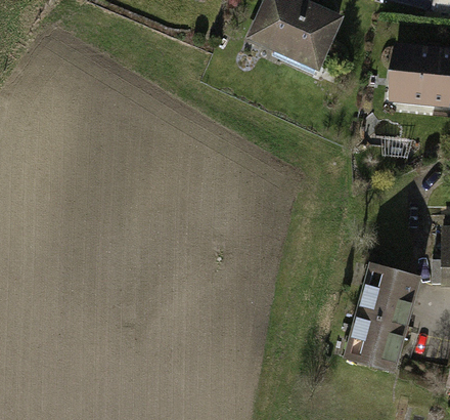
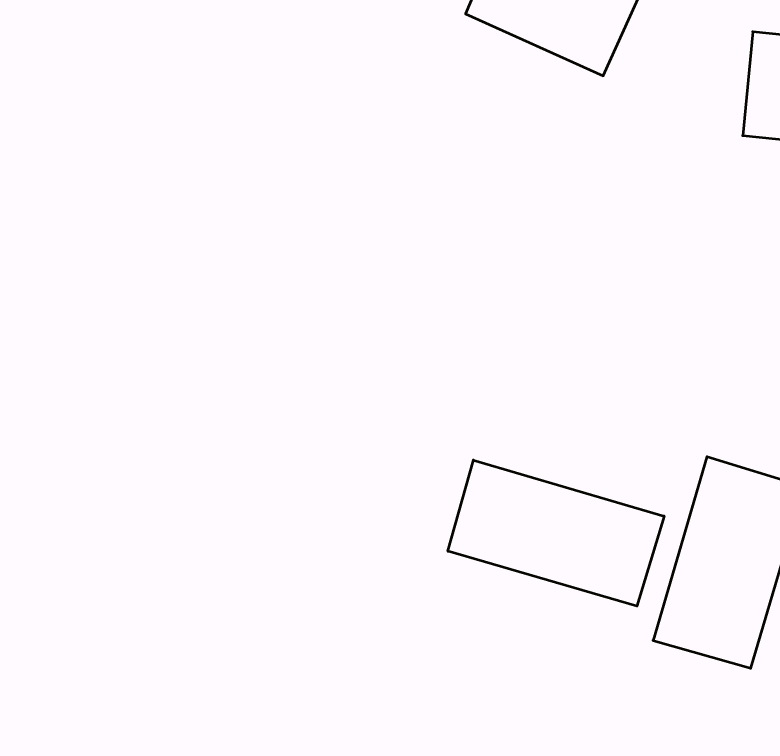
building: none -> [448,460,664,606]

